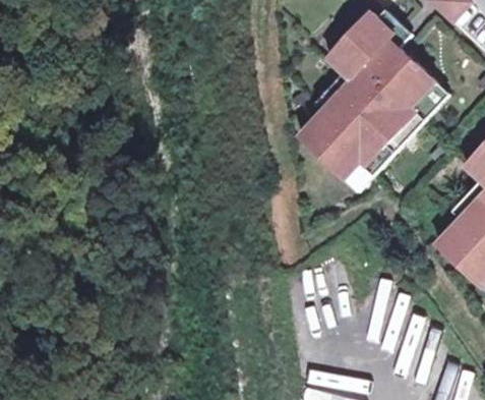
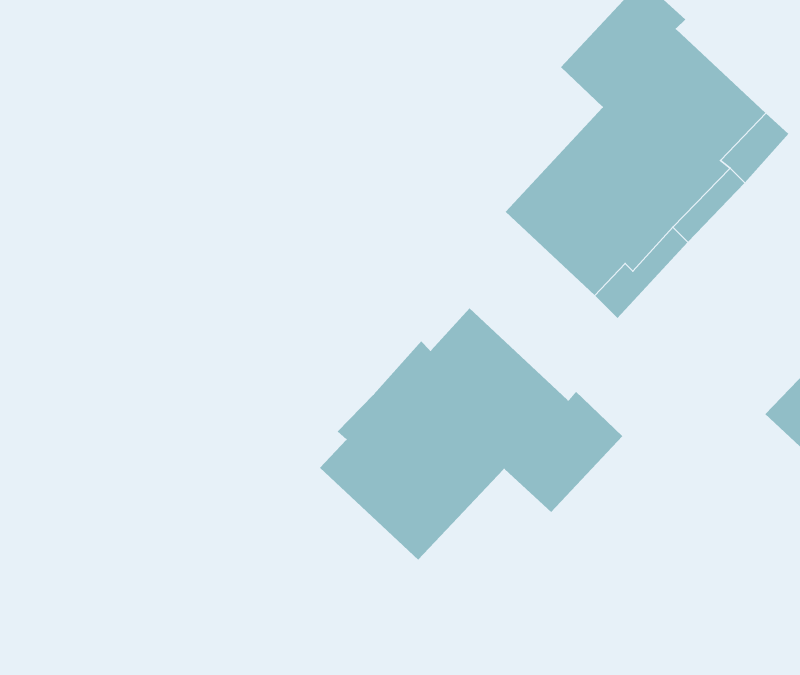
building: none -> [319,307,623,560]

